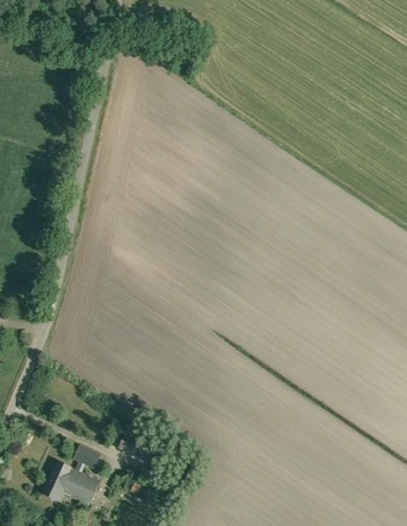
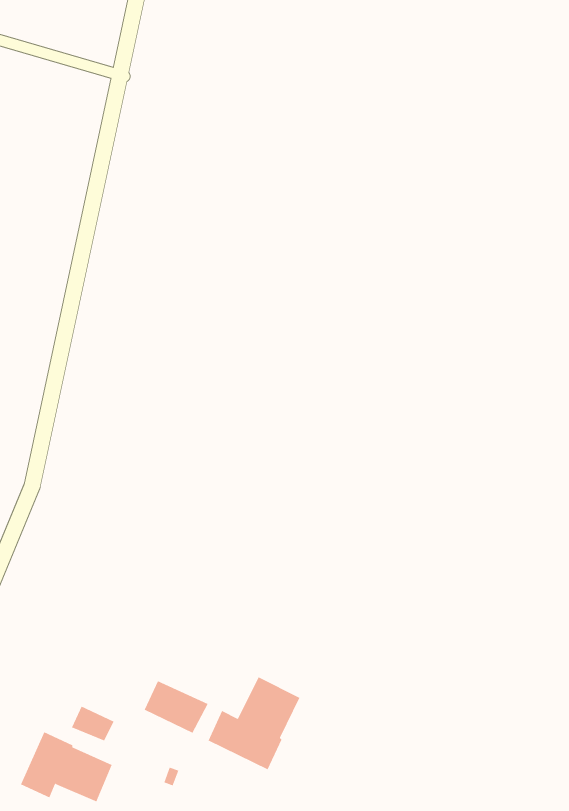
building: none -> [208,676,300,770]

